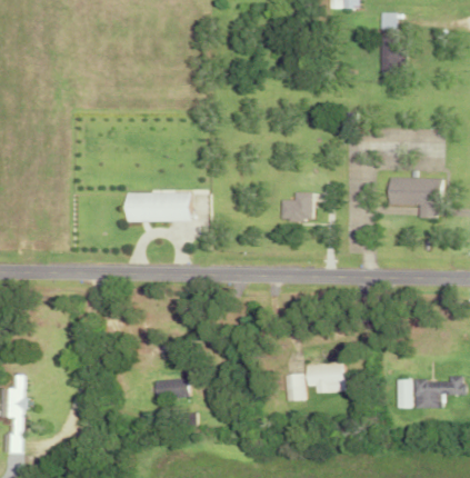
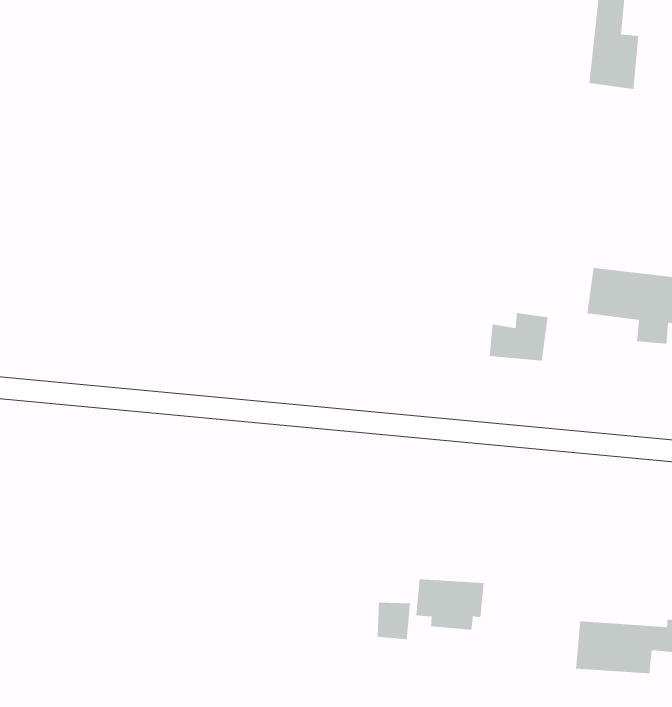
building: [280,191,312,218] -> [489,312,549,361]
building: [126,192,191,221] -> none
building: [154,379,184,400] -> none

